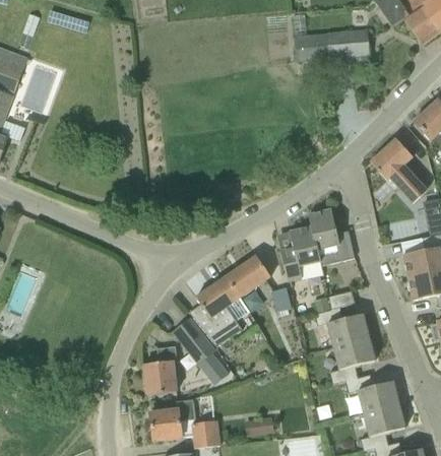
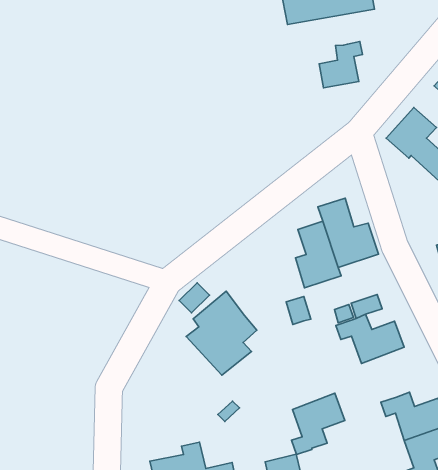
building: none -> [319,41,363,88]
building: [226,254,270,297] -> none
building: [173,318,213,363] -> none
building: [329,335,375,383] -> [291,393,345,454]
building: [143,344,177,393] -> none

